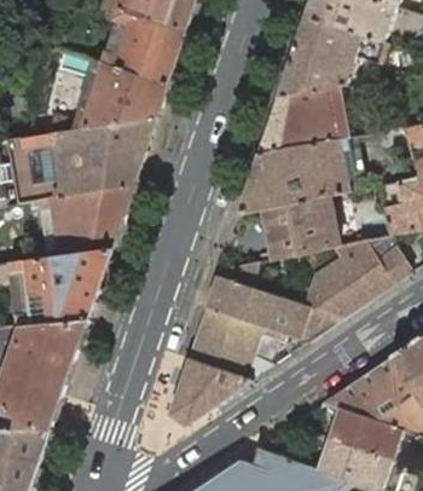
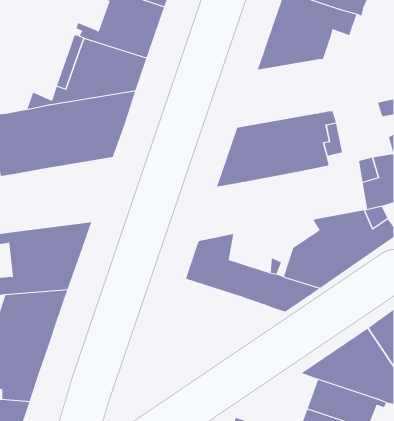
building: [256,77,389,154] -> none
building: [34,184,132,258] -> none
building: [262,197,335,259] -> none
building: [168,307,306,427] -> none

